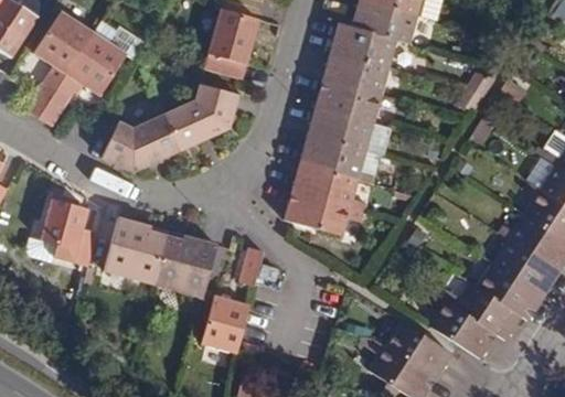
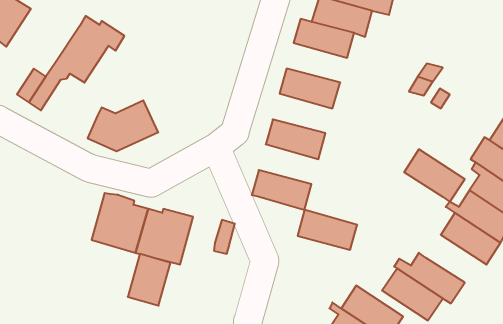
building: [206,9,260,78] -> none
building: [33,11,93,74] -> none
building: [322,51,390,95] -> none
building: [163,84,239,150] -> none
building: [307,107,373,151] -> none
building: [291,163,358,207] -> [298,210,357,250]
building: [24,200,97,265] -> none
building: [477,264,544,322] -> [404,149,465,202]
building: [203,294,250,352] -> [128,254,171,306]

